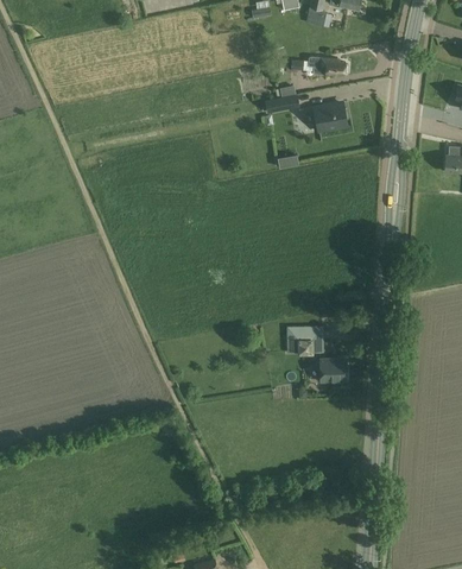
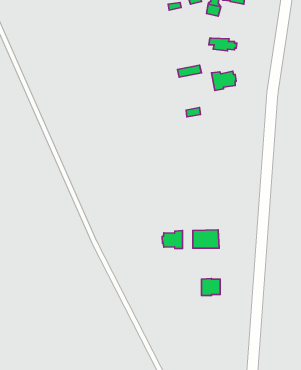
building: none -> [162,231,182,248]
building: [319,358,346,381] -> [201,278,220,295]

